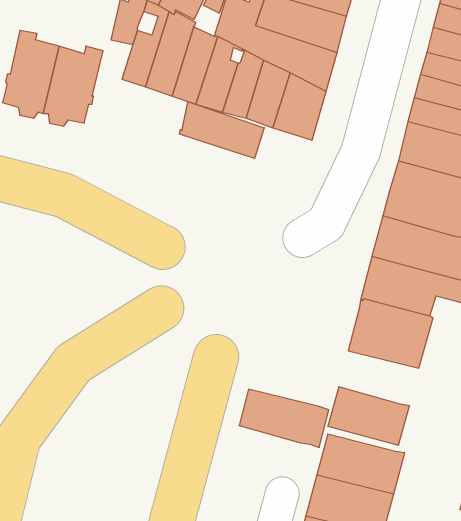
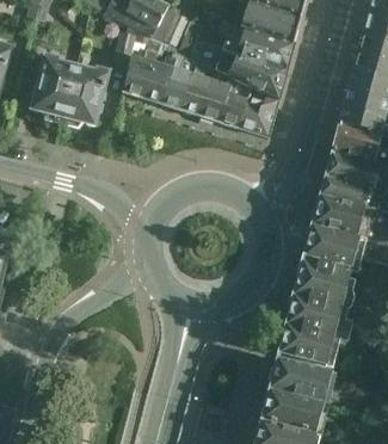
building: [180,101,264,158] -> none
building: [239,389,329,447] -> [285,296,353,340]

